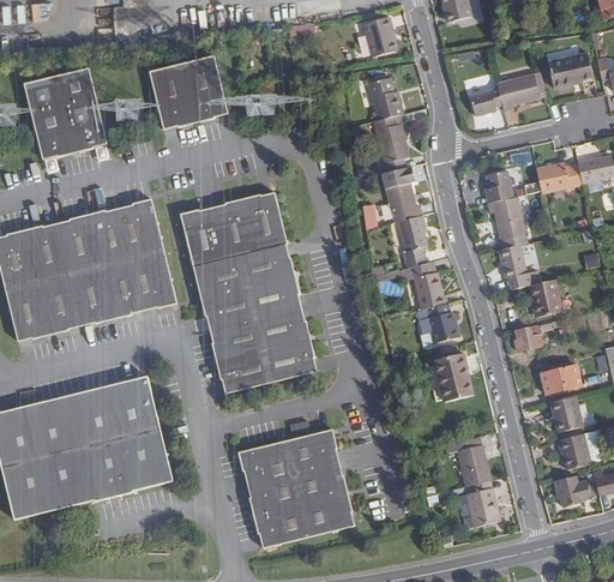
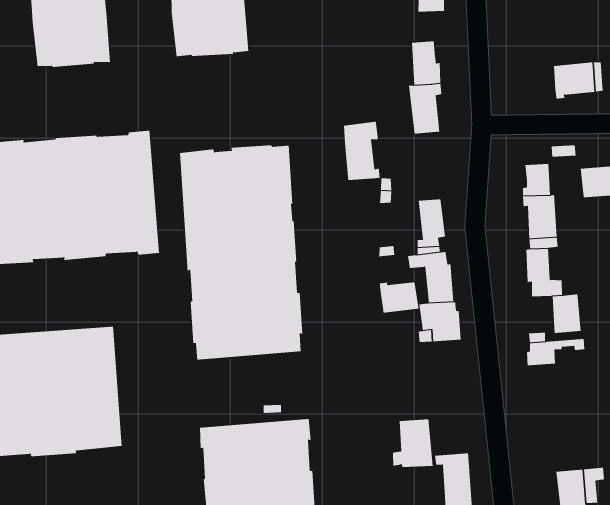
building: [468,88,501,115] -> none
building: [380,166,421,222] -> [343,121,381,181]
building: none -> [379,281,419,313]
building: [434,353,472,400] -> [392,419,434,468]
building: [540,365,582,394] -> none
building: [549,395,582,432] -> none

